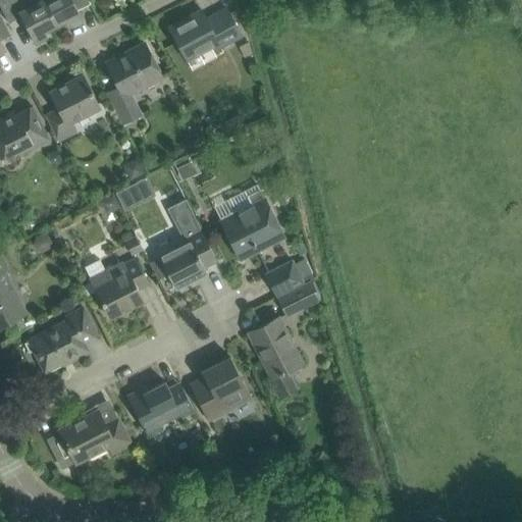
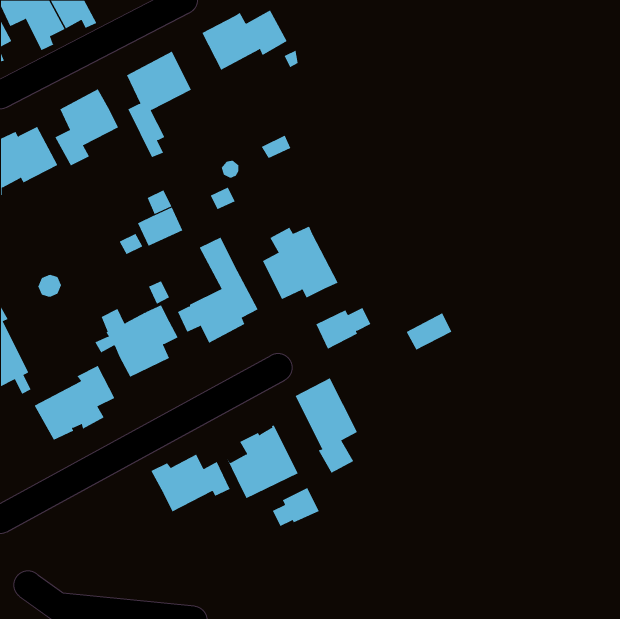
building: [278,282,317,315] -> [406,312,452,351]
building: none -> [272,487,320,527]
building: [48,412,130,468] -> none

